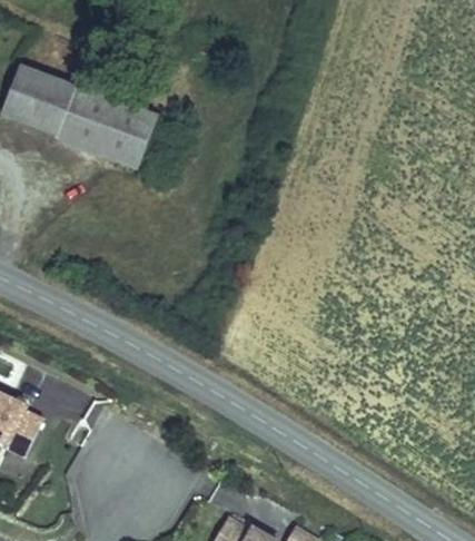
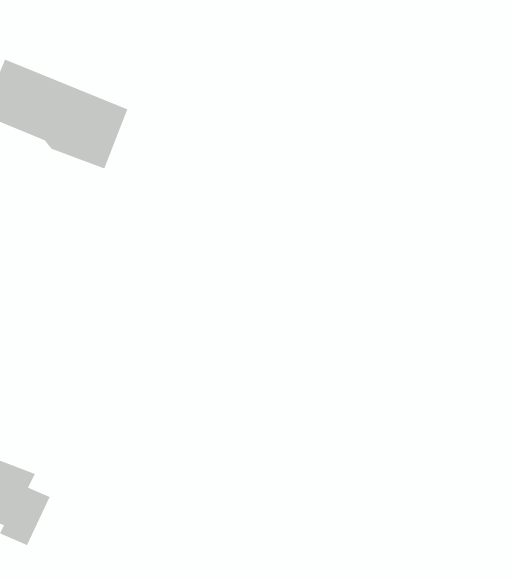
building: [92,102,144,164] -> none

